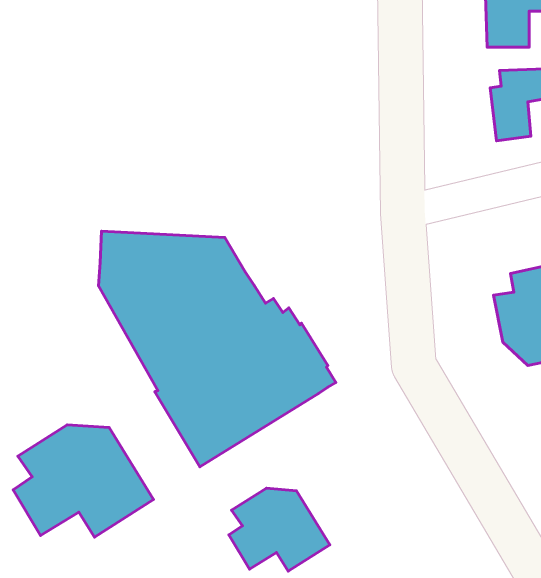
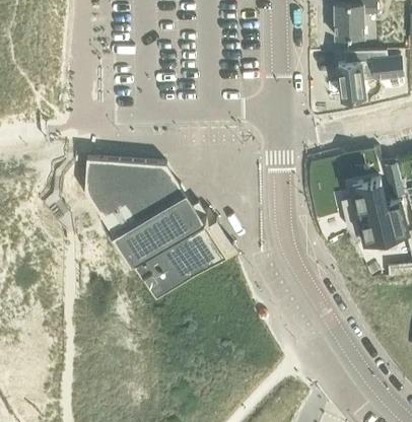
building: [13,425,154,537] -> none
building: [229,488,330,571] -> none

